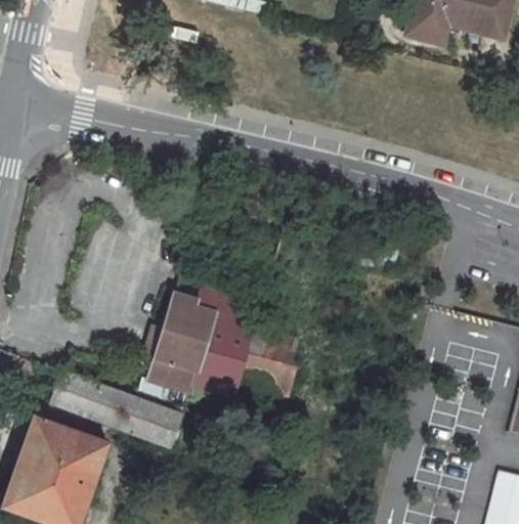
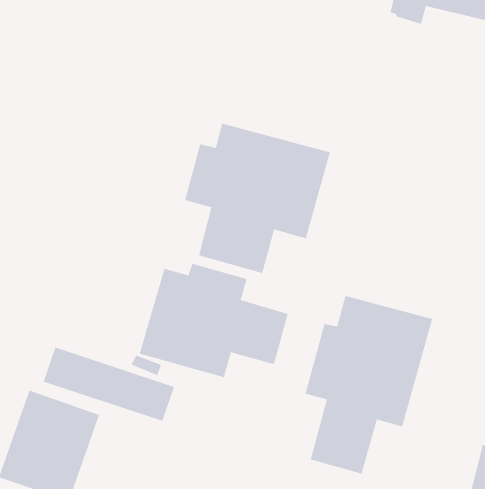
building: none -> [184,123,330,274]
building: none -> [305,295,433,475]

